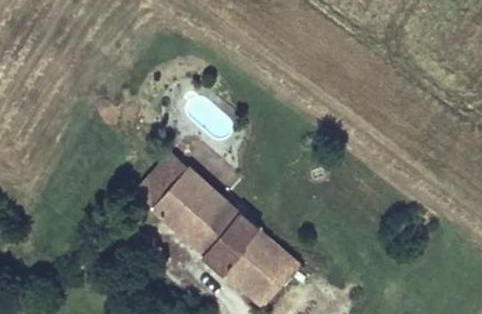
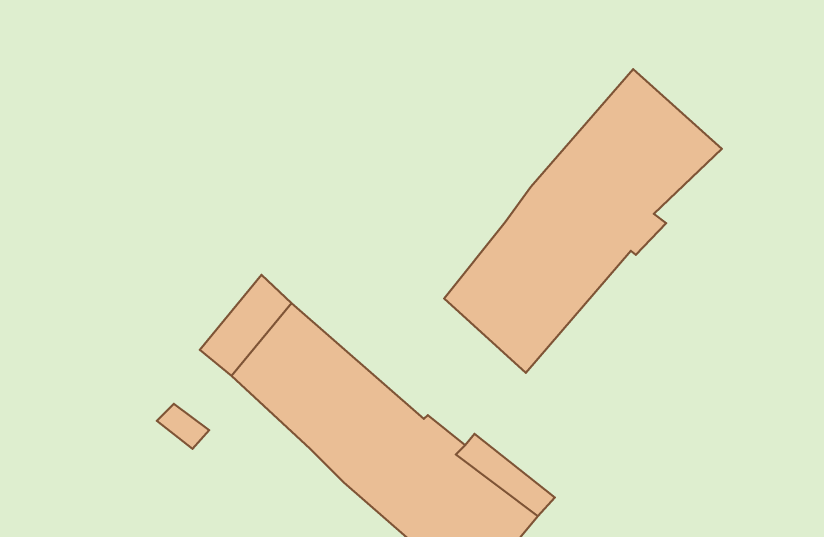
building: none -> [444,69,722,373]

